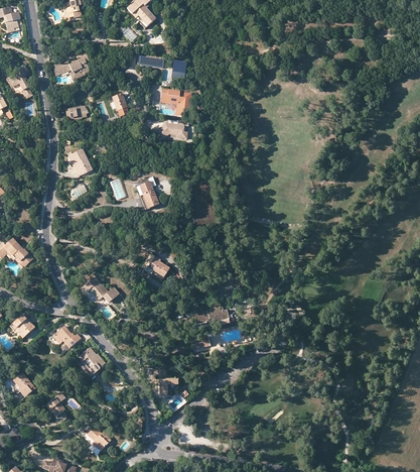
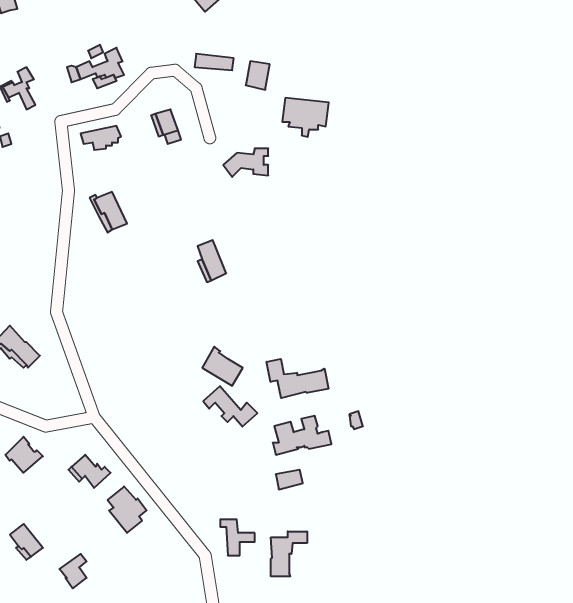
building: [159,90,190,116] -> [282,98,329,137]
building: none -> [267,359,328,398]
building: [83,275,119,303] -> [203,386,257,427]
building: none -> [271,531,307,576]

